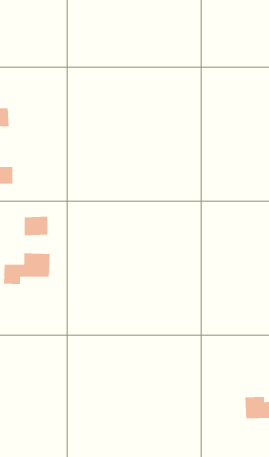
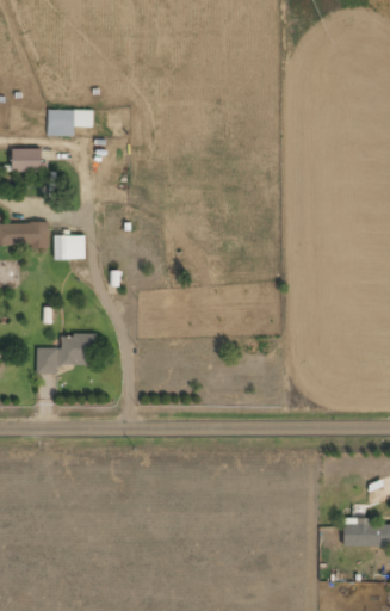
building: none -> [47,109,93,137]
building: [24,216,48,236] -> [55,235,86,260]

